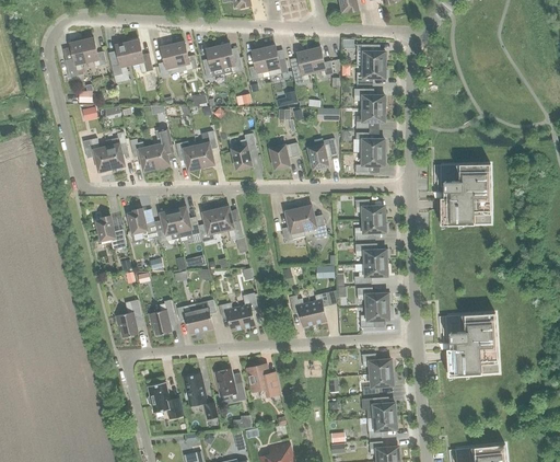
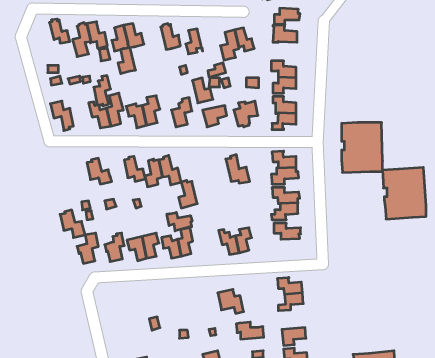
building: [65,41,86,77] -> none
building: [262,45,288,76] -> [192,78,213,103]
building: [202,46,224,78] -> [118,48,136,74]
building: [355,63,387,83] -> [274,8,300,24]
building: [106,131,127,169] -> [94,76,111,106]
building: [281,207,304,241] -> [179,180,197,208]
building: [155,209,179,242] -> none
building: [95,215,126,249] -> [60,210,85,238]
building: none -> [167,212,192,231]
building: [360,305,388,327] -> none
building: [444,312,498,376] -> [383,167,426,219]
building: [247,365,279,394] -> [218,289,244,313]
building: [214,368,245,402] -> none
building: [183,373,207,405] -> none
building: [147,381,183,418] -> none
building: [361,396,395,417] -> [236,322,264,339]

